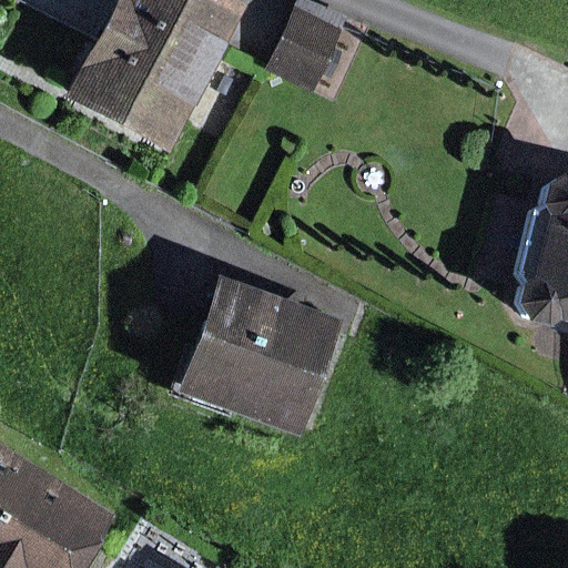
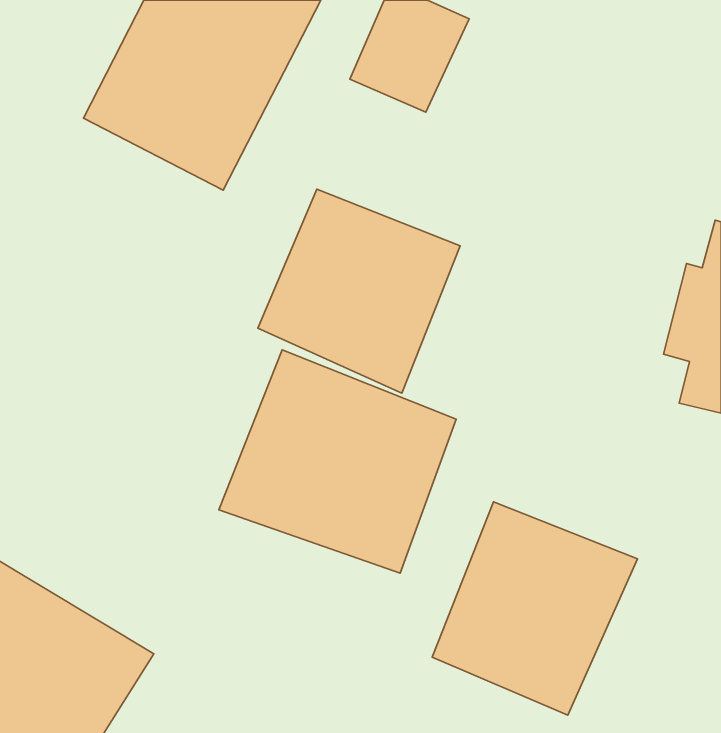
building: none -> [258,189,460,393]
building: none -> [432,502,637,715]

